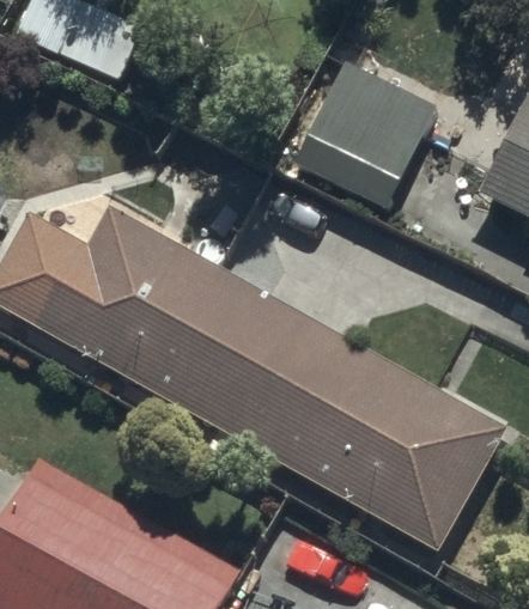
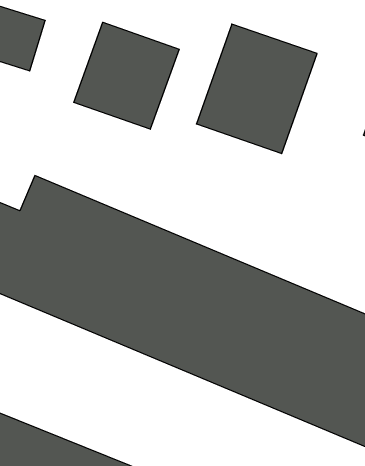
building: none -> [74,22,179,129]

